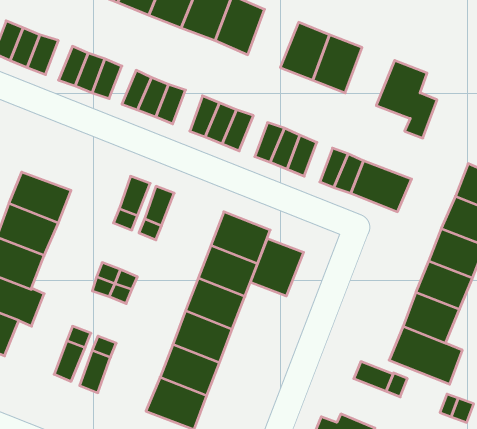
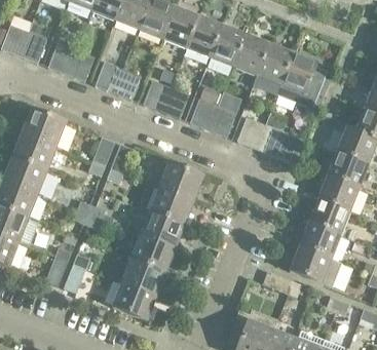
building: none -> [186,15,223,57]
building: none -> [257,43,293,85]
building: none -> [22,109,67,147]
building: [250,239,304,296] -> none

